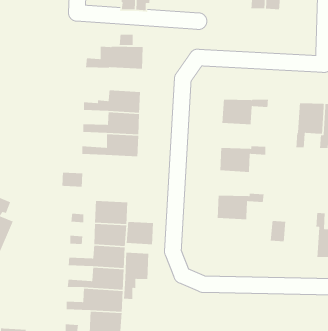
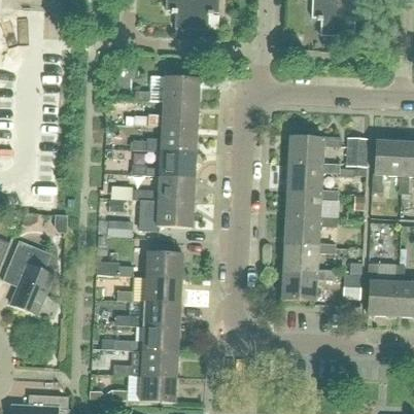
building: none -> [133,101,199,128]
building: none -> [345,135,367,164]
building: none -> [286,163,340,192]
building: none -> [156,200,194,228]
building: none -> [283,216,337,245]
building: none -> [367,263,396,315]
building: none -> [281,269,334,300]
building: [126,221,154,245] -> none
building: [123,252,149,300] -> none

